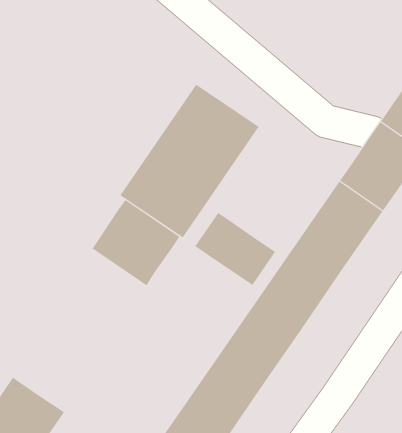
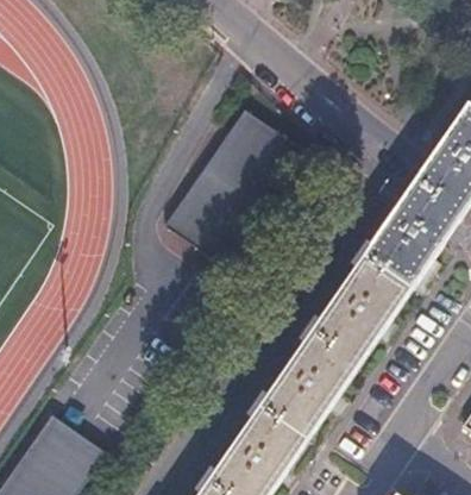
building: [92,199,180,286] -> none
building: [195,212,276,286] -> none

